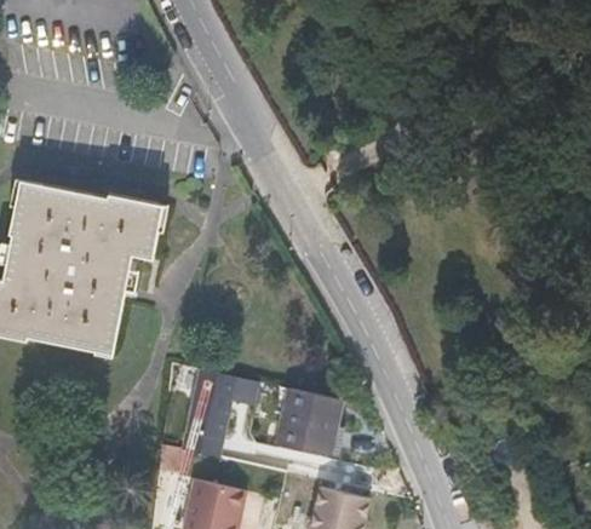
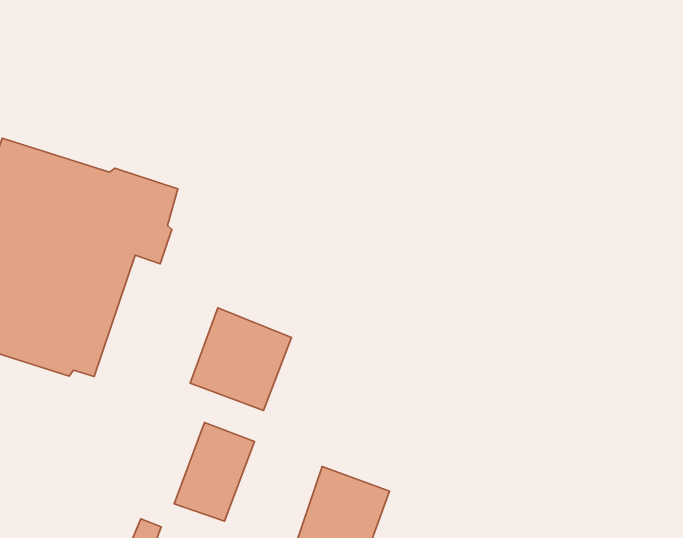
building: none -> [190,308,292,410]

